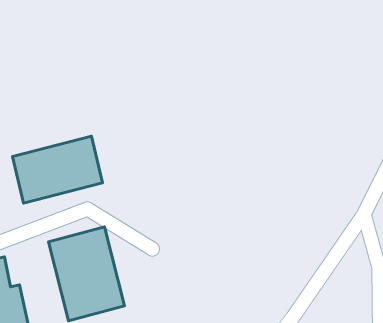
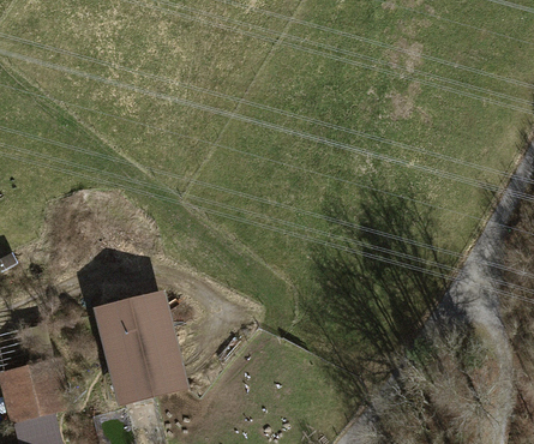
building: [12,136,103,203] -> none

